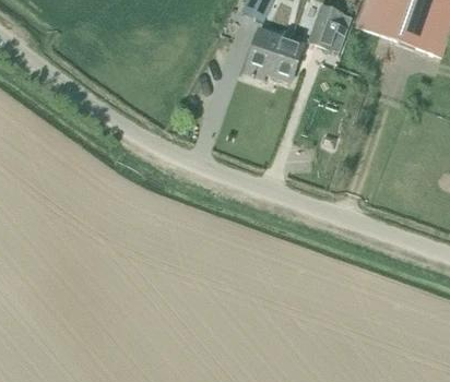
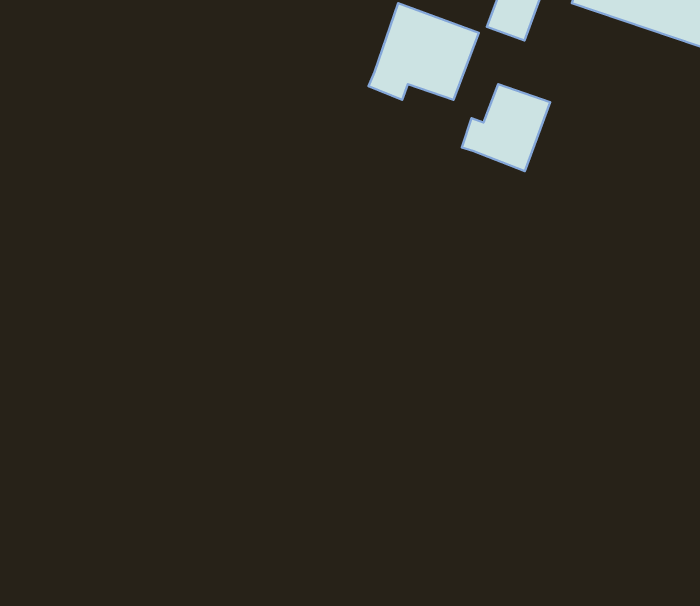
building: none -> [462,84,550,171]

